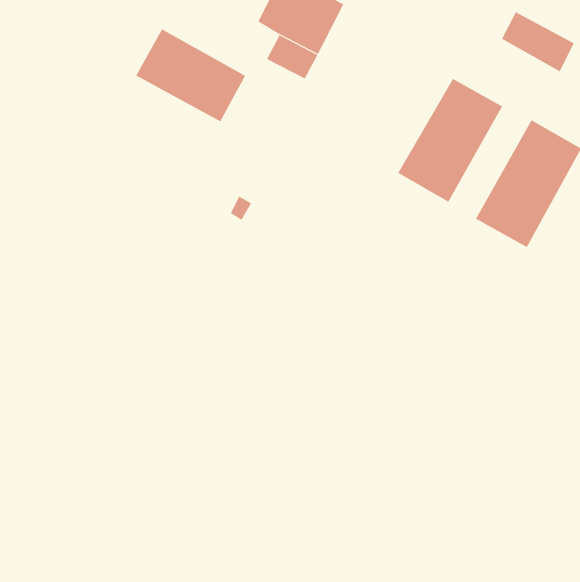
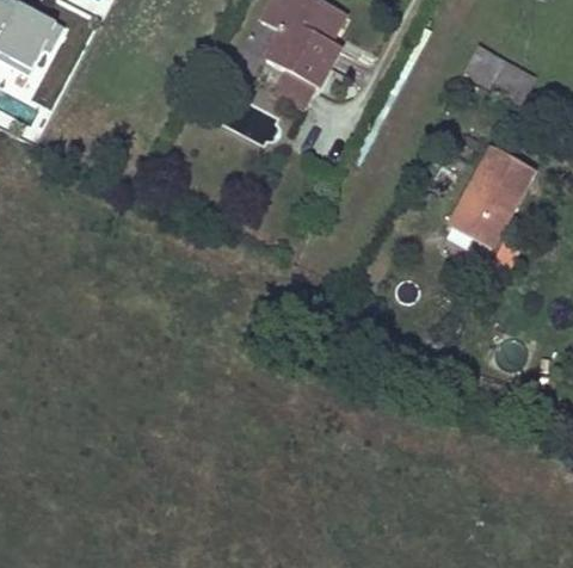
building: [136,29,246,122] -> none
building: [398,78,503,202] -> none

